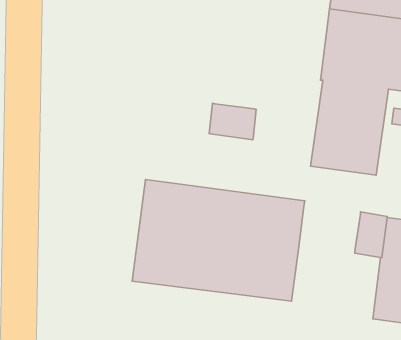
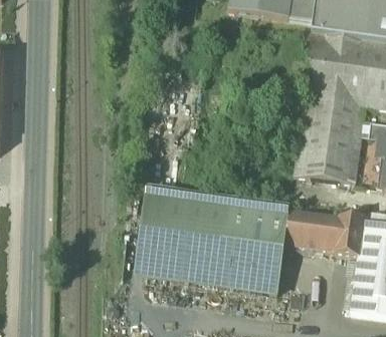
building: [209,103,256,140] -> none
building: none -> [286,210,342,250]

